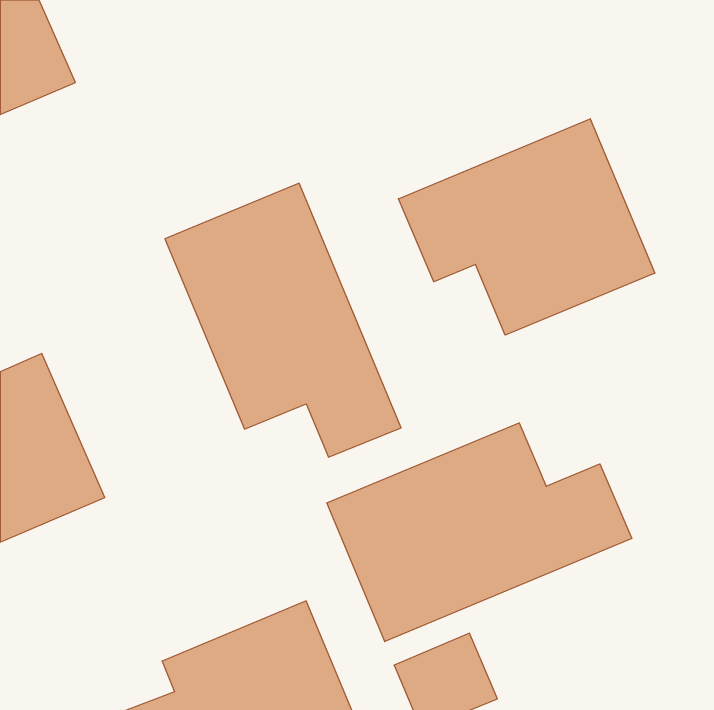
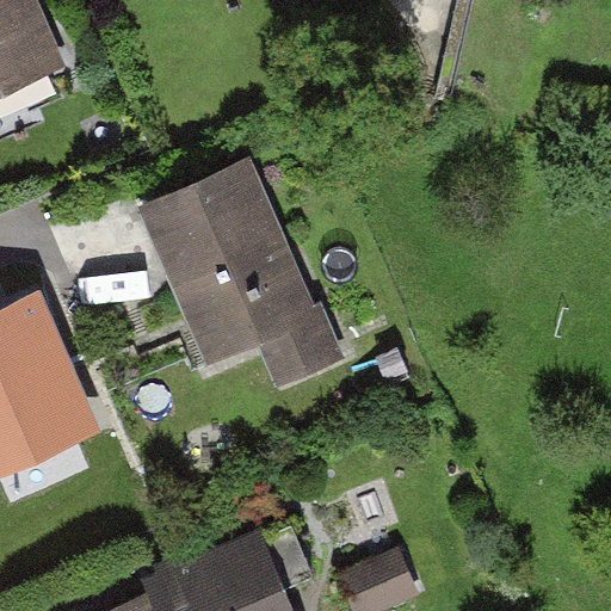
building: [398,119,655,335] -> none
building: [327,423,632,642] -> none

